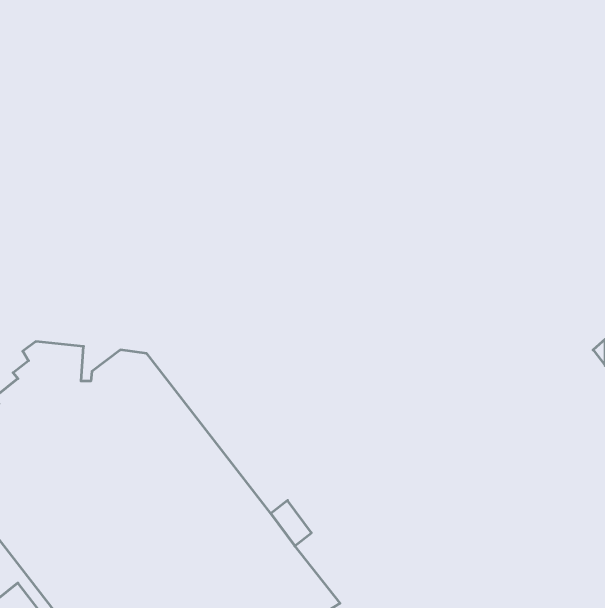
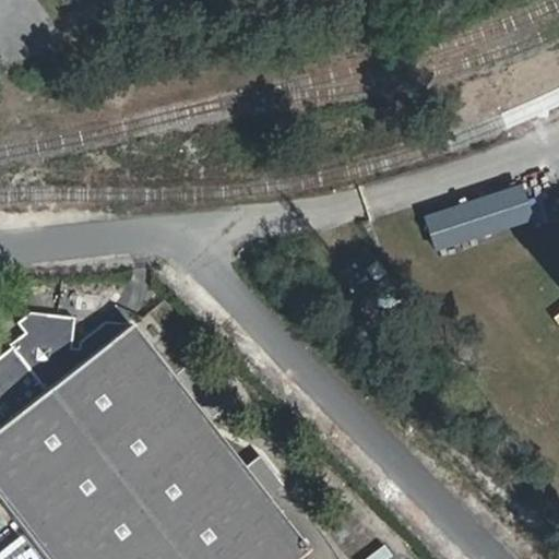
building: none -> [426,183,537,253]

